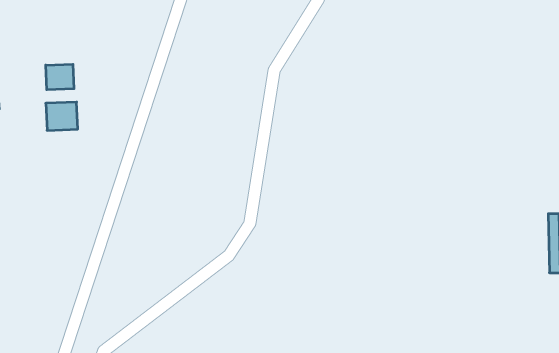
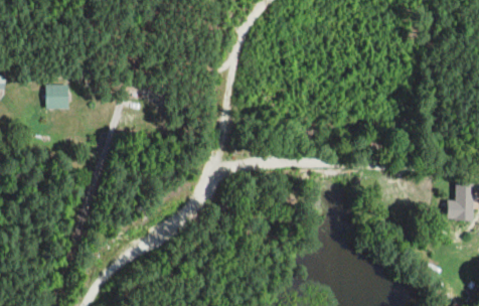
building: [46,64,74,90] -> none

